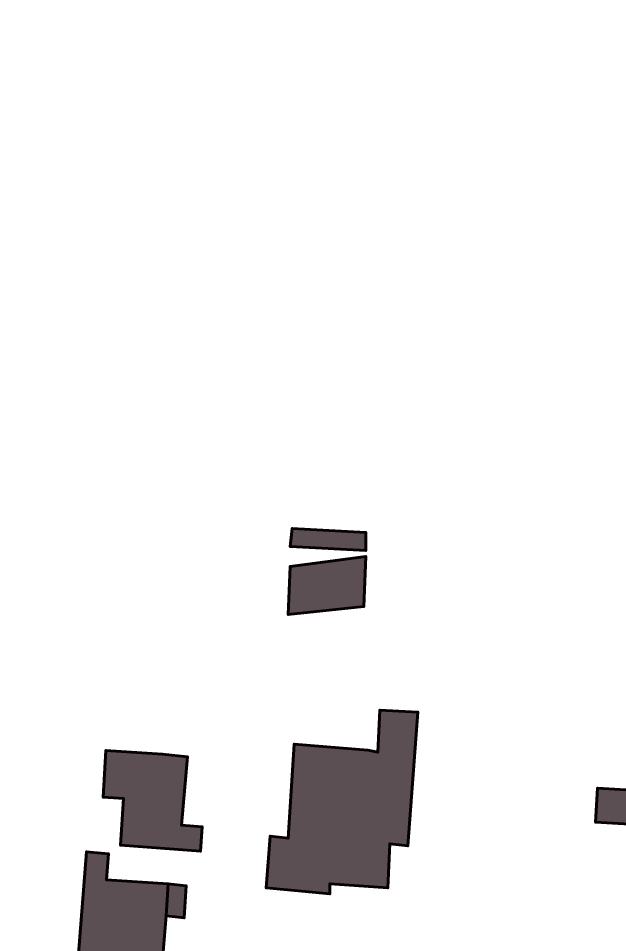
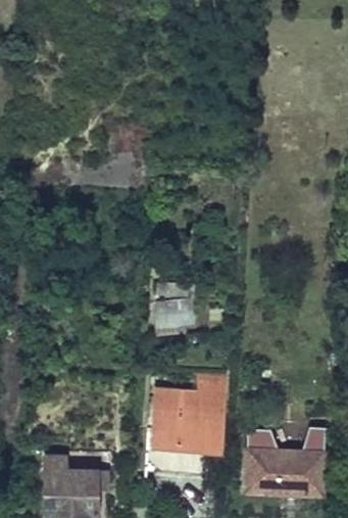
building: [103,750,202,851] -> none
building: none -> [246,450,322,491]

